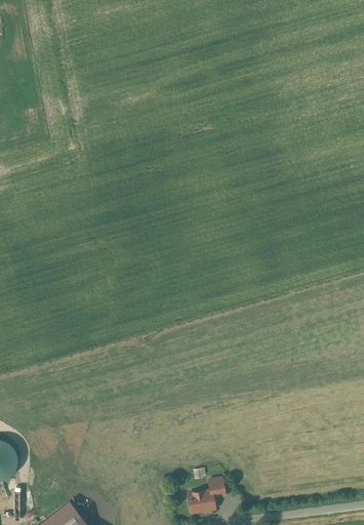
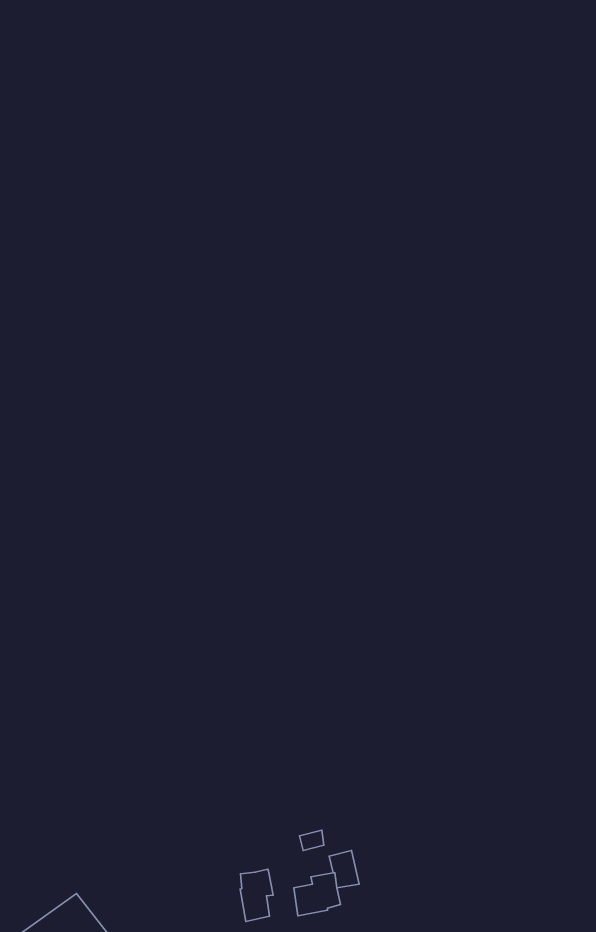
building: none -> [240,869,273,922]

